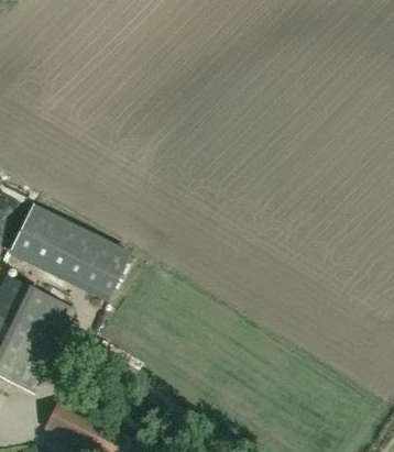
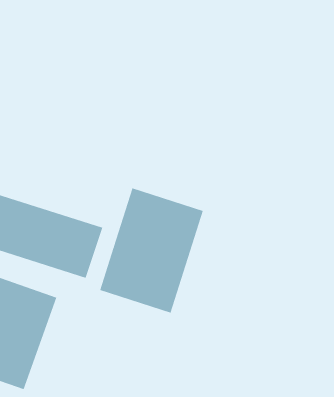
building: none -> [100,188,203,314]

